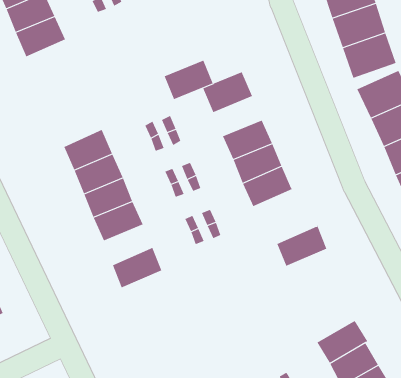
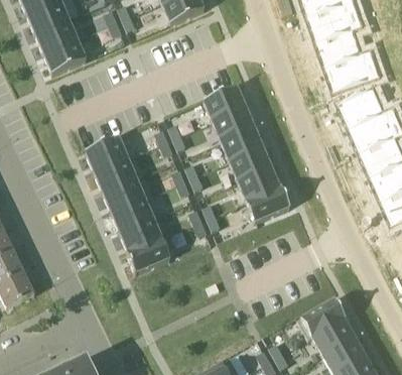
building: [164,60,213,100] -> [213,107,255,141]
building: none -> [119,217,161,251]
building: [277,225,327,266] -> [247,185,290,221]

